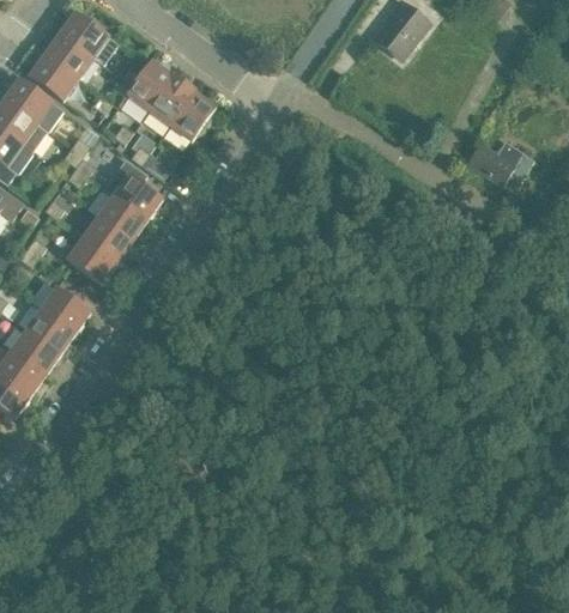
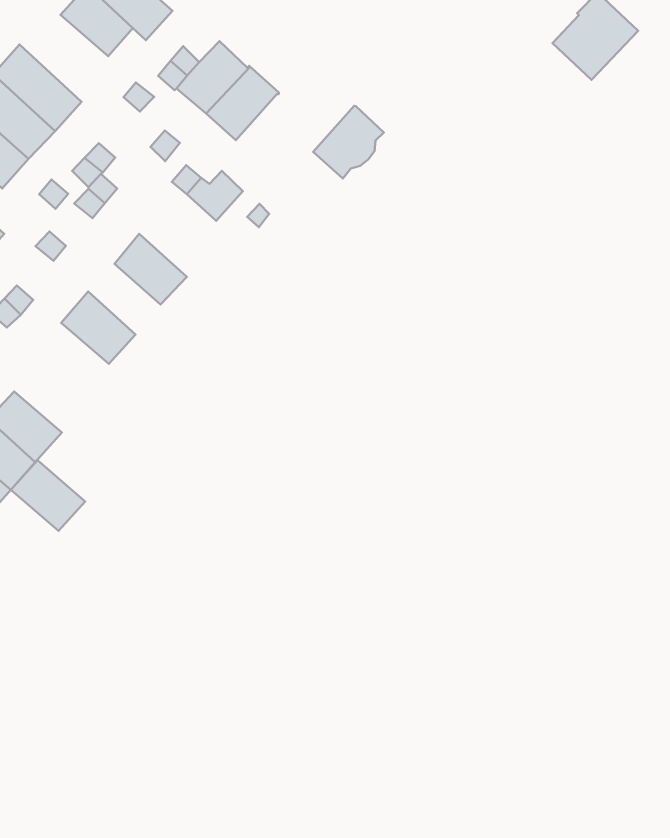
building: [28,54,78,99] -> none
building: [169,91,214,140] -> [313,106,384,178]
building: [103,158,162,219] -> none
building: [81,216,131,261] -> none
building: [40,286,90,332] -> [11,460,85,531]

